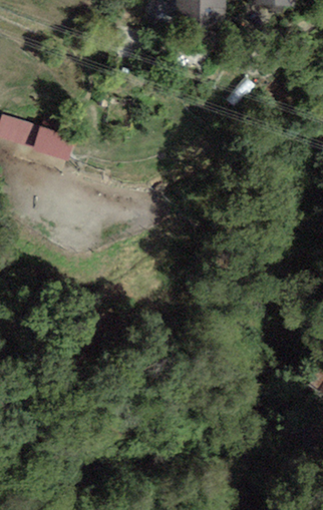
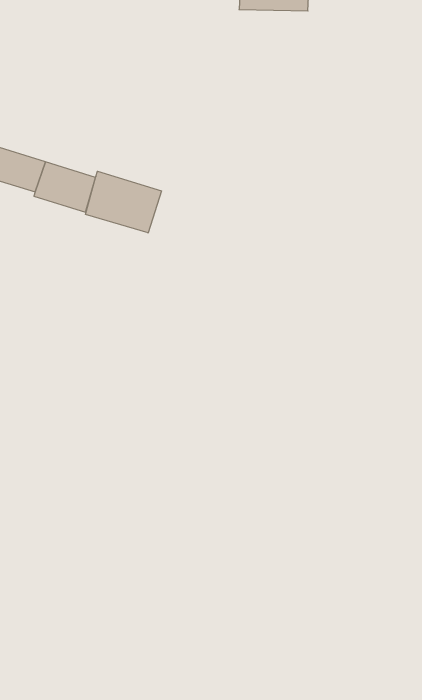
building: none -> [85,171,162,233]

